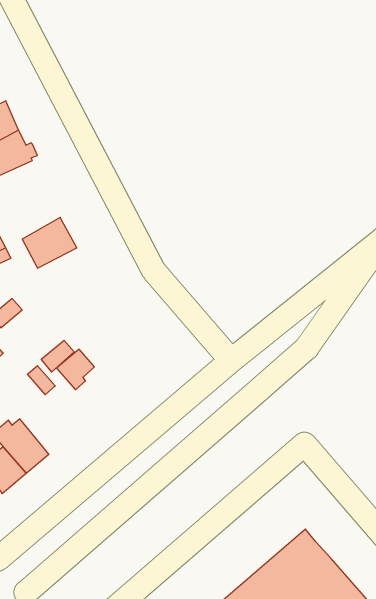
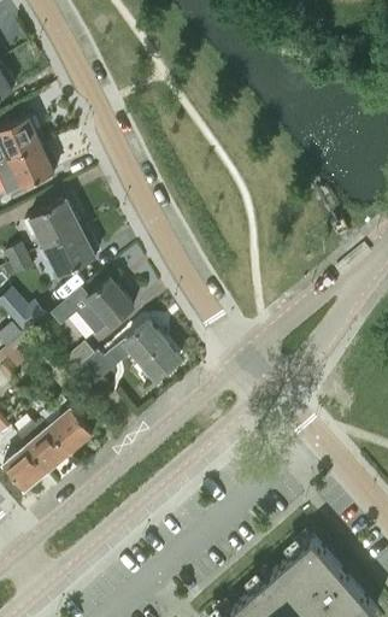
building: none -> [28,200,80,249]
building: none -> [52,281,133,336]
building: none -> [124,325,178,381]
building: none -> [47,404,92,454]

